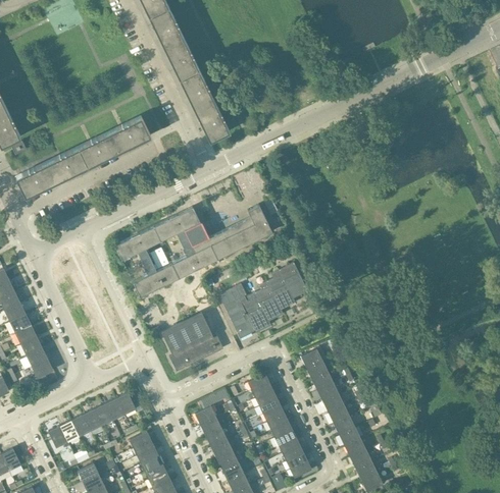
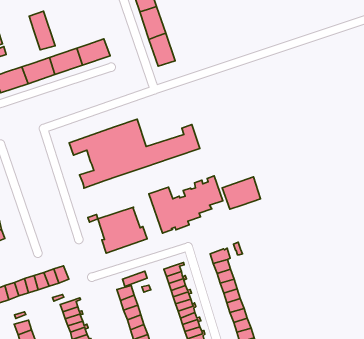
building: none -> [29,11,55,50]
building: none -> [222,177,260,209]

